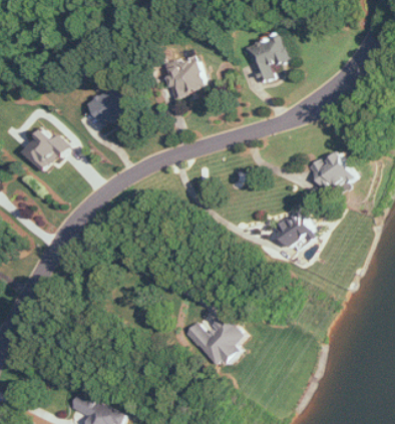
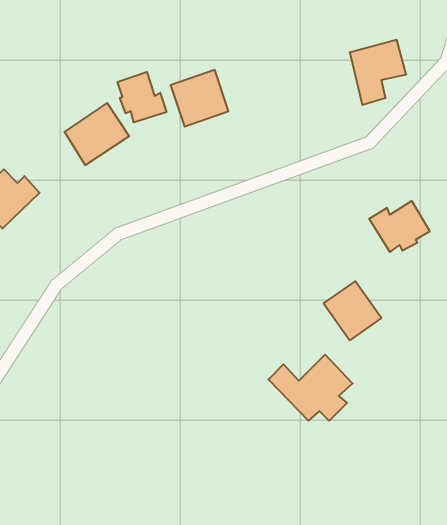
building: [247,35,288,82] -> [350,40,406,105]
building: none -> [117,72,167,122]
building: [183,314,245,362] -> [268,355,353,421]

